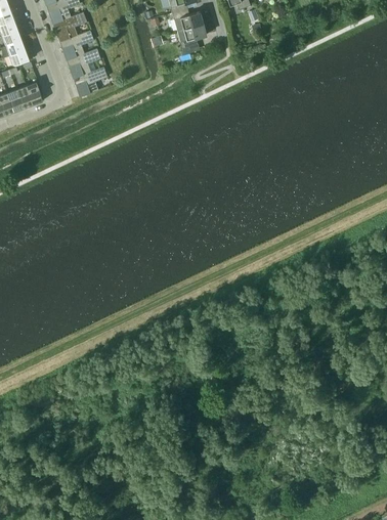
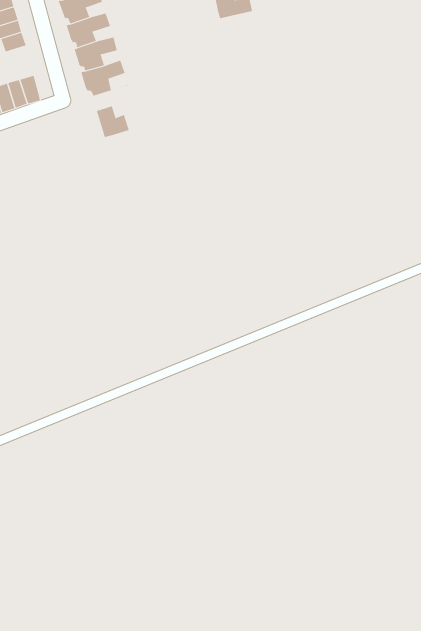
building: [177,23,206,48] -> none
building: none -> [96,105,129,138]

